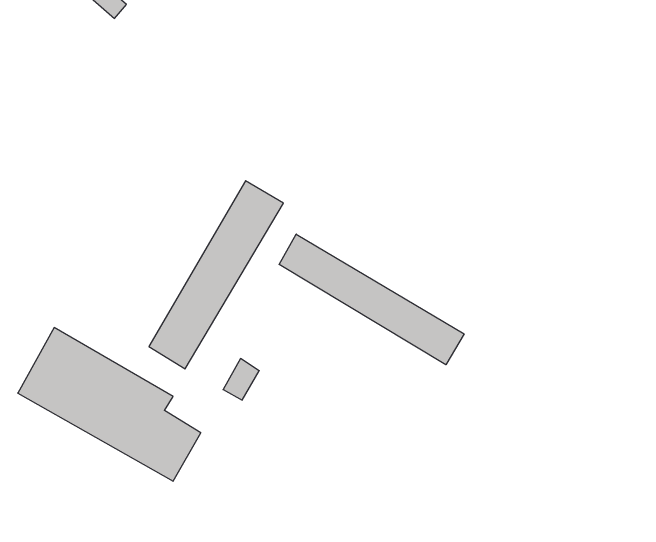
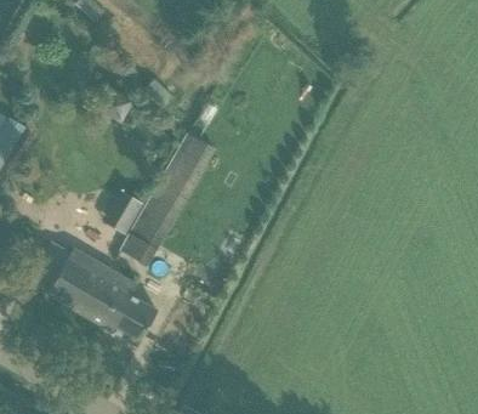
building: [279,234,464,365] -> none

